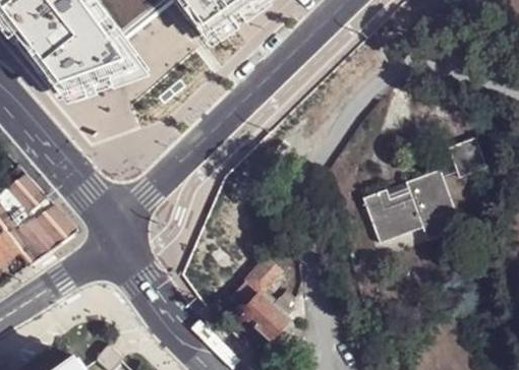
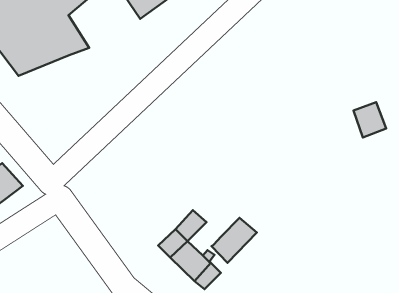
building: [362,166,462,241] -> none
building: none -> [211,218,257,263]

